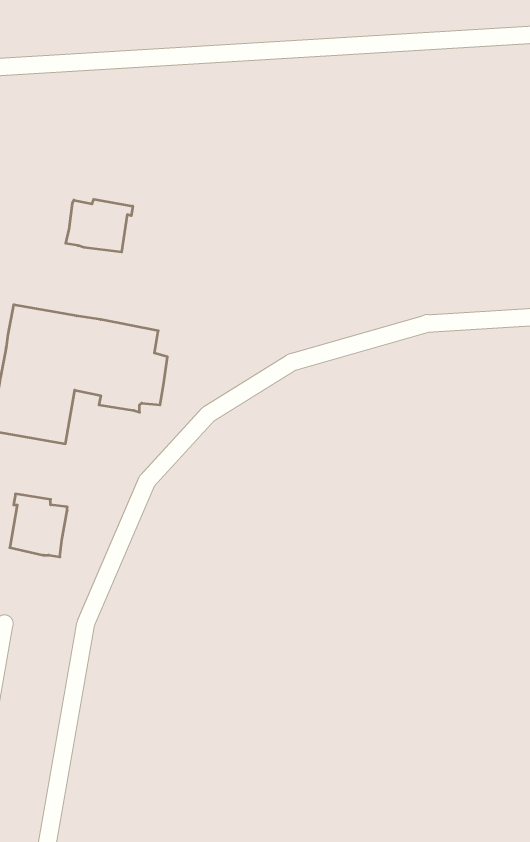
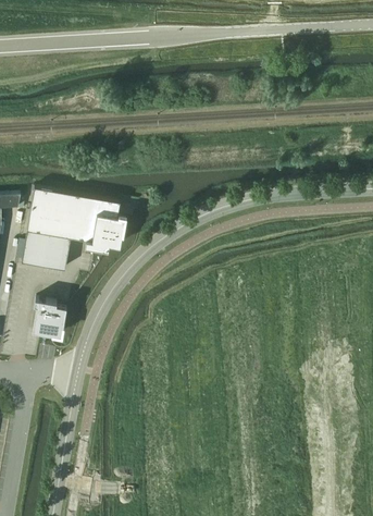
building: [66,199,133,252] -> none

